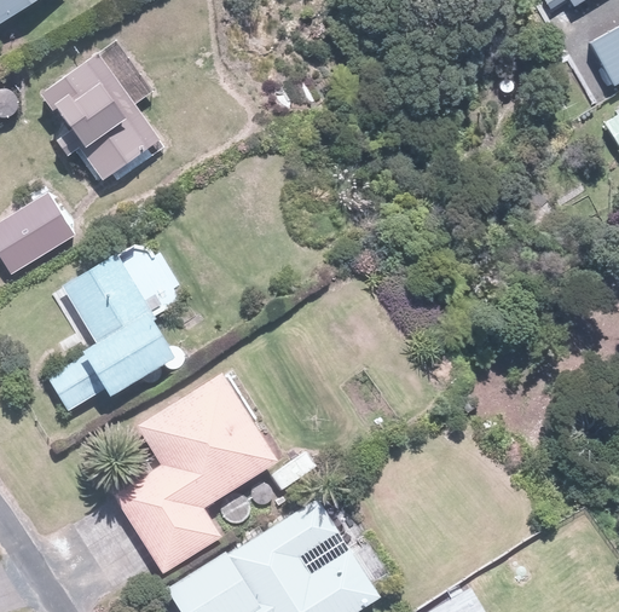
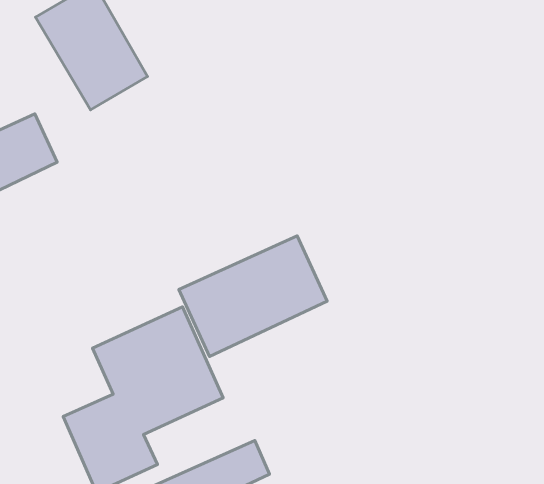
building: [46,256,175,414] -> none
building: none -> [179,236,327,357]

